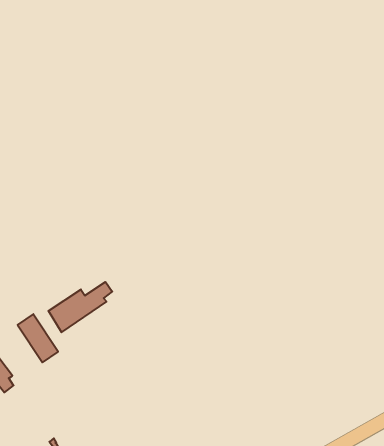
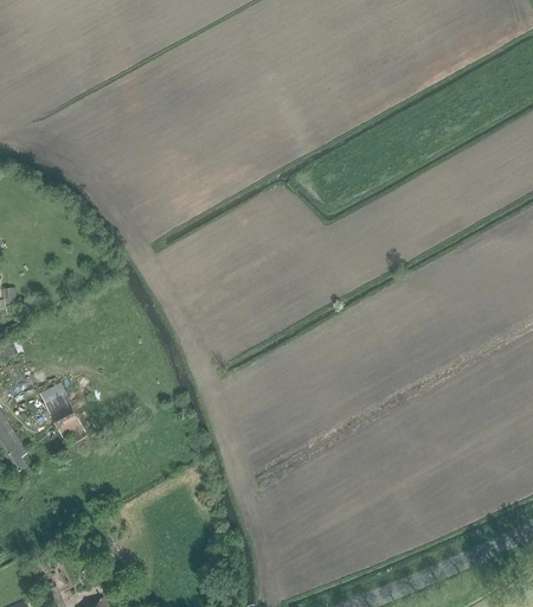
building: [48,282,112,332] -> none

